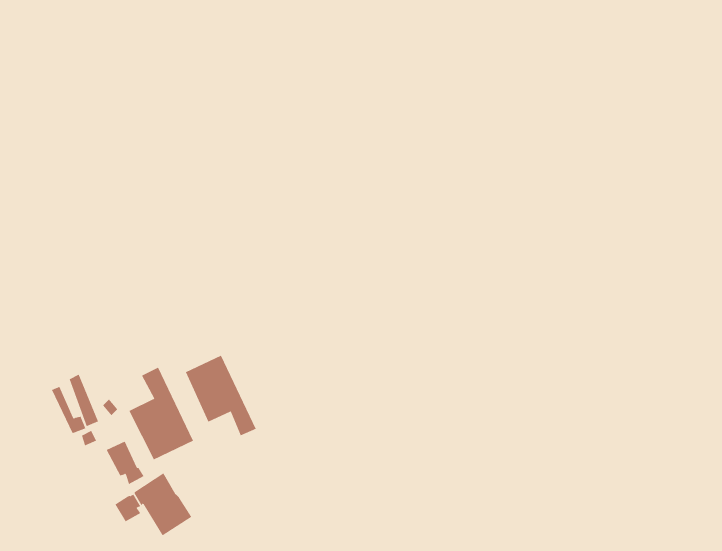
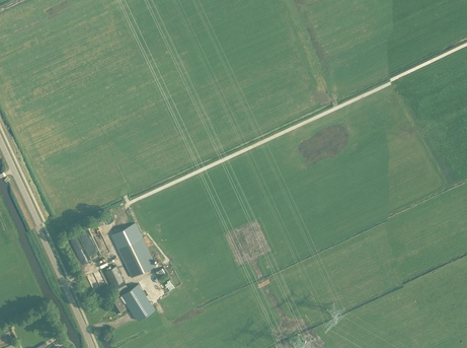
building: [185,355,257,436] -> none

